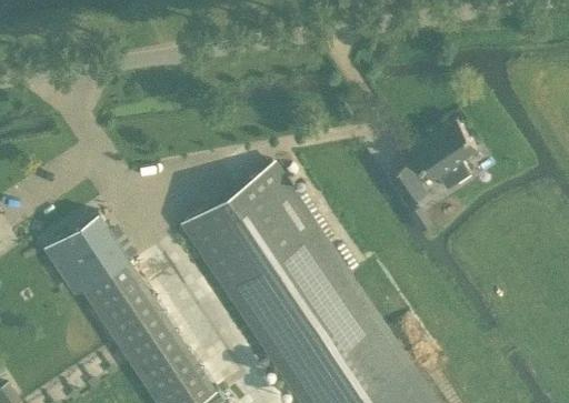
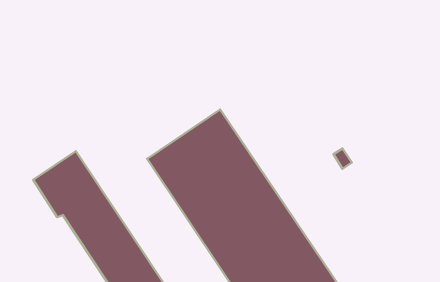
building: [388,123,476,209] -> none

